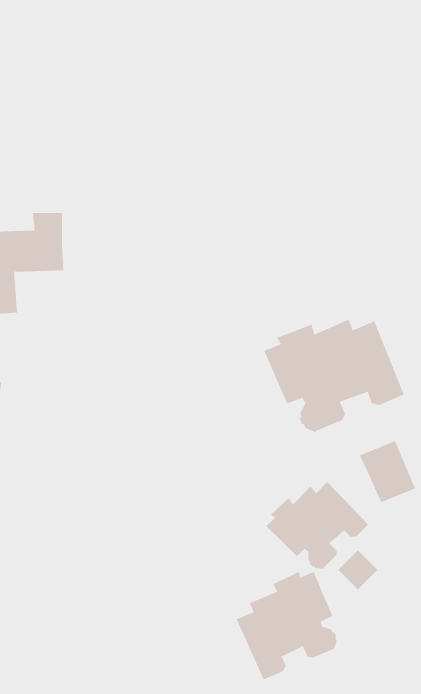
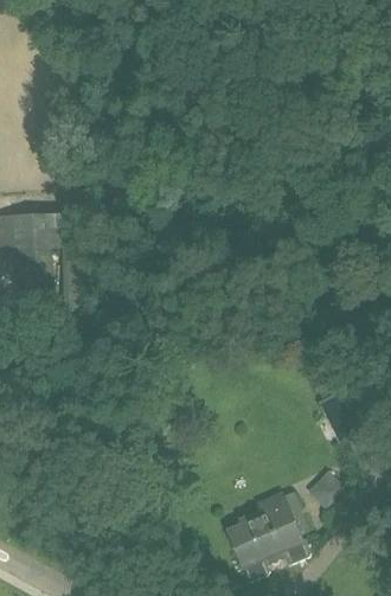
building: [263,319,404,433] -> none
building: [266,481,369,570] -> none

